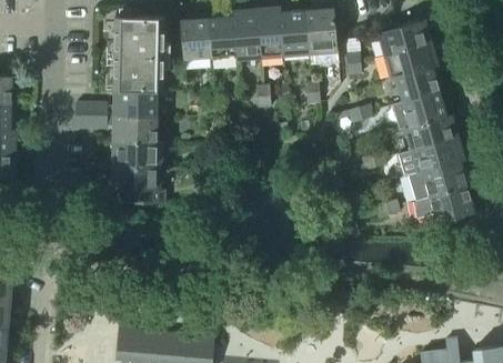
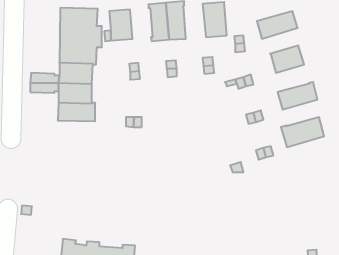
building: [279,10,309,57] -> none
building: [208,16,238,57] -> none
building: [383,42,437,79] -> none
building: [392,91,446,129] -> none
building: [398,138,464,177] -> none
building: [111,165,164,204] -> none
building: [416,186,474,223] -> none

